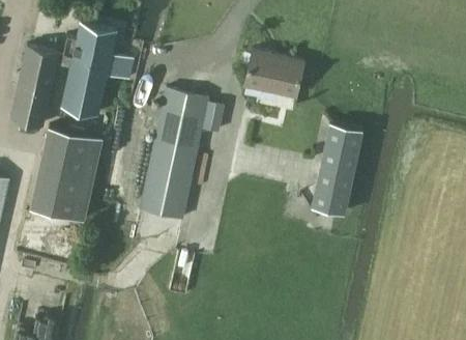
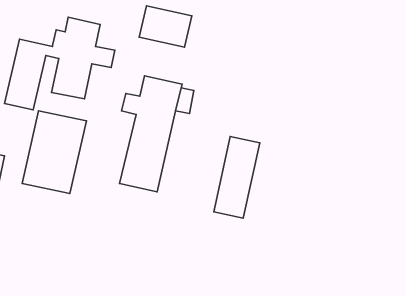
building: [244,51,303,97] -> [139,6,192,47]
building: [310,124,361,217] -> [214,136,260,218]

